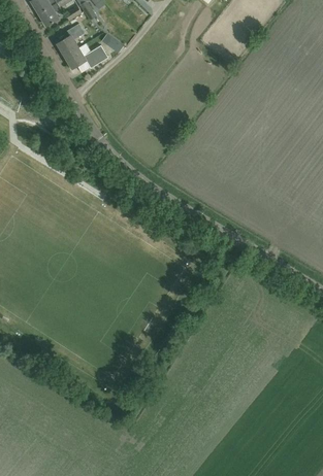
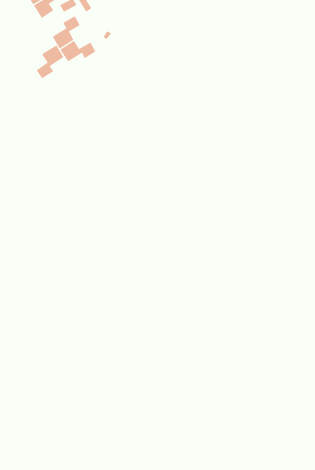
building: none -> [36,44,64,79]

